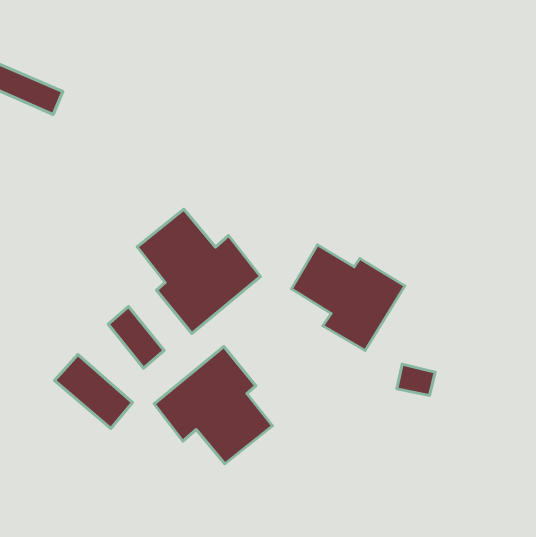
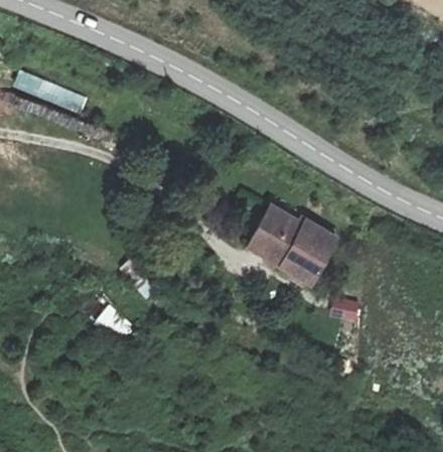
building: [137,209,260,333] -> none
building: [154,347,272,464] -> none

